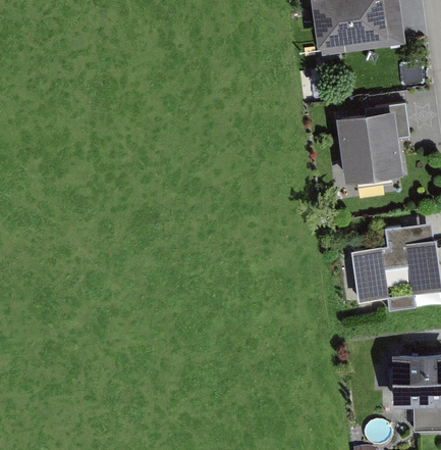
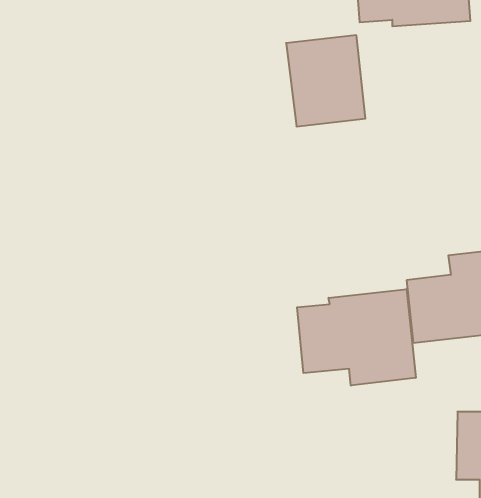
building: [337,111,399,183] -> [286,35,365,126]
building: none -> [297,289,416,386]

